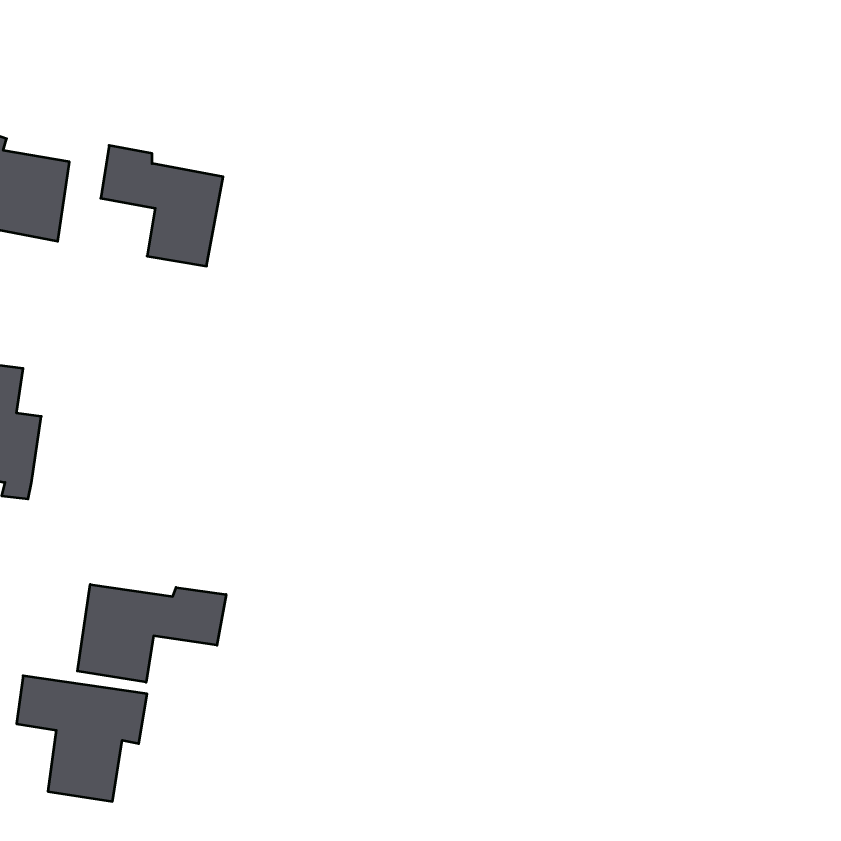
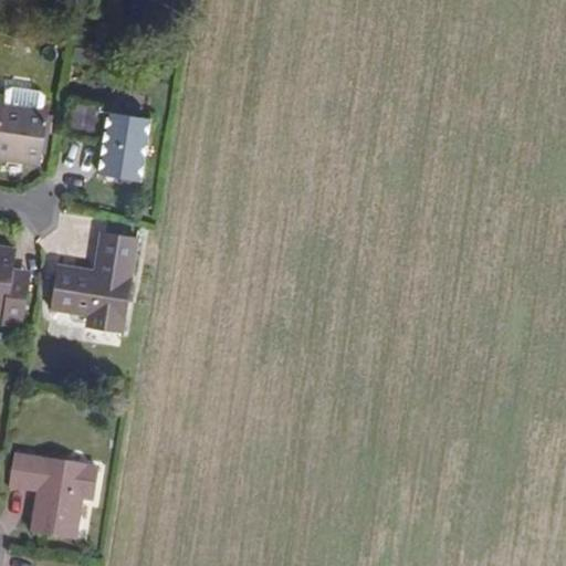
building: none -> [51,233,135,329]
building: [77,584,226,682] -> none

